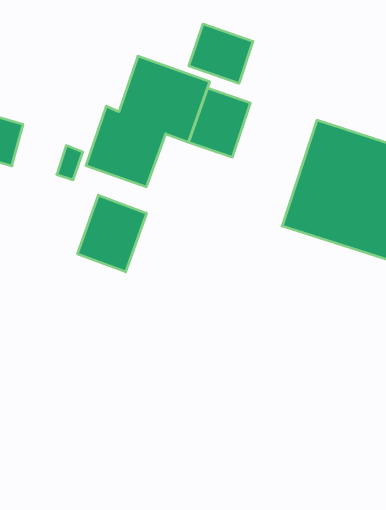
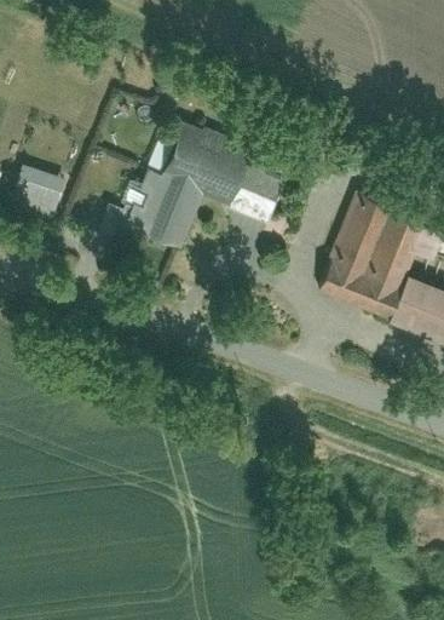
building: [189,24,253,83] -> none
building: [78,195,146,272] -> none

